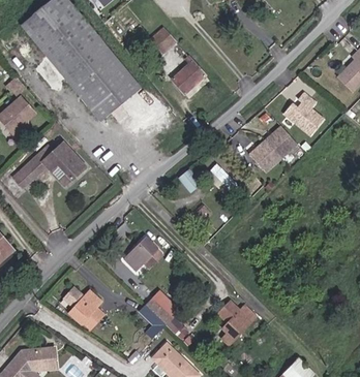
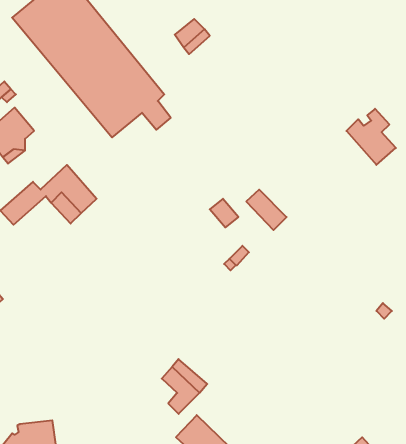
building: [171,54,206,94] -> none
building: [249,127,299,176] -> none
building: [122,237,163,272] -> none
building: [68,289,104,329] -> none
building: [222,302,259,336] -> none

